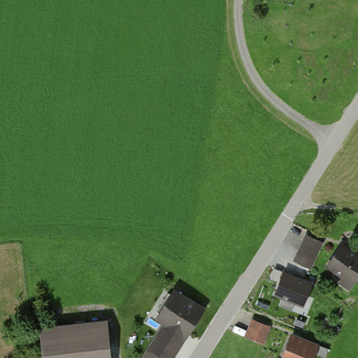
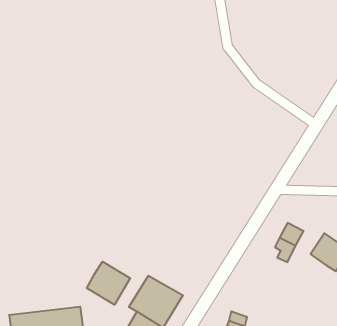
building: [273,274,311,307] -> none
building: none -> [87,262,130,305]

